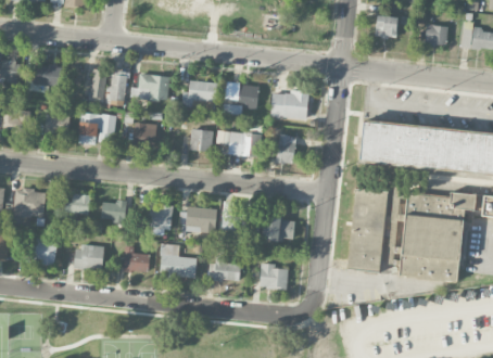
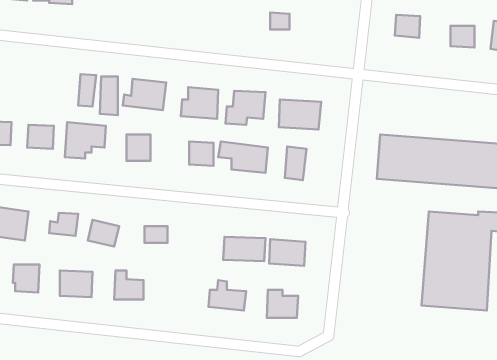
building: [31,64,61,85] -> none
building: [346,187,389,271] -> none
building: [181,207,216,232] -> none
building: [160,246,195,278] -> none

